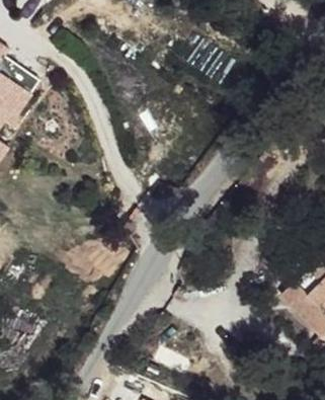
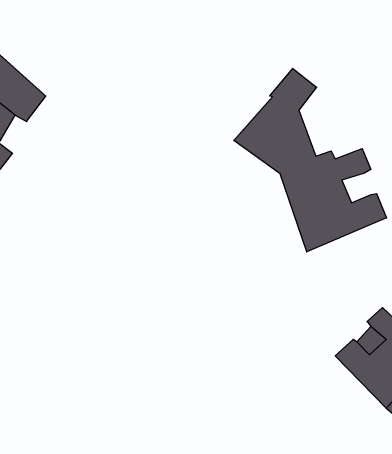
building: none -> [234,68,387,252]

